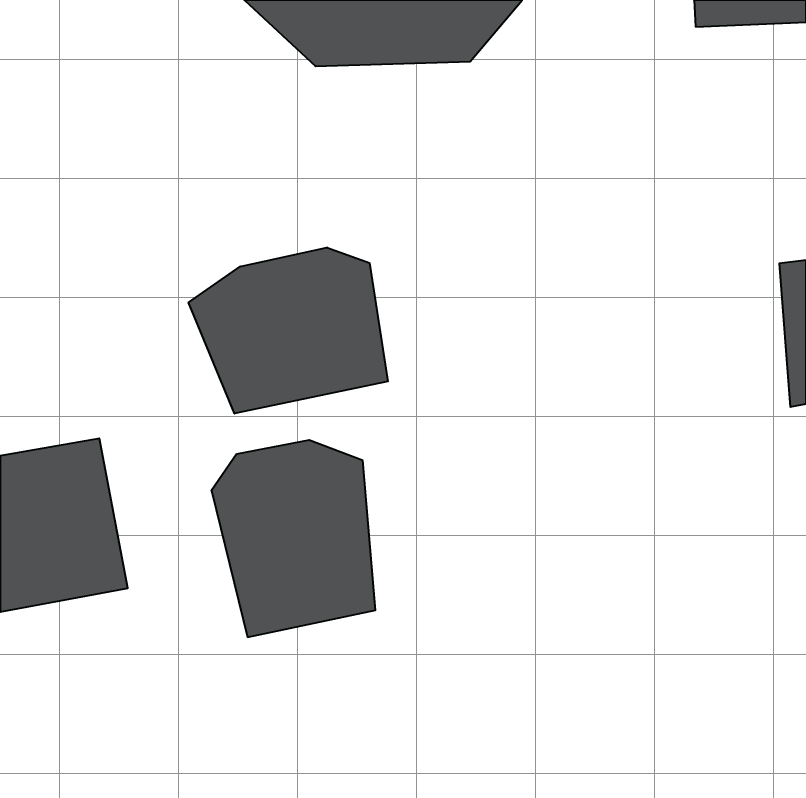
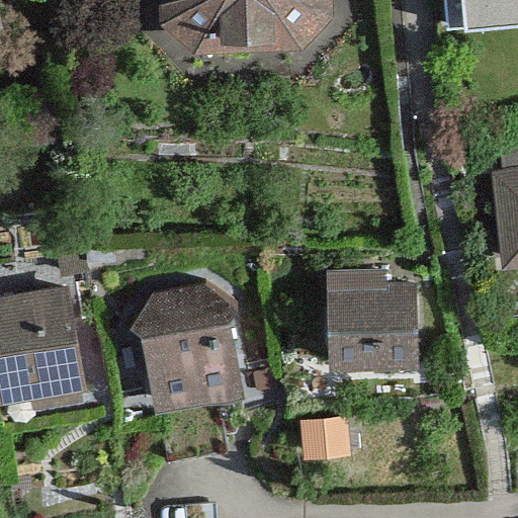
building: [189,247,388,414] -> none
building: none -> [327,277,411,363]

